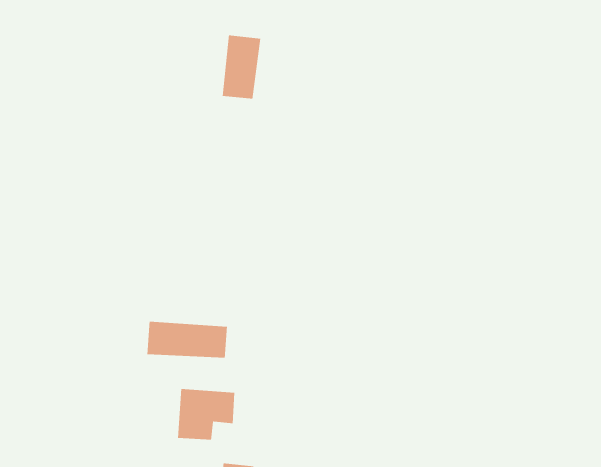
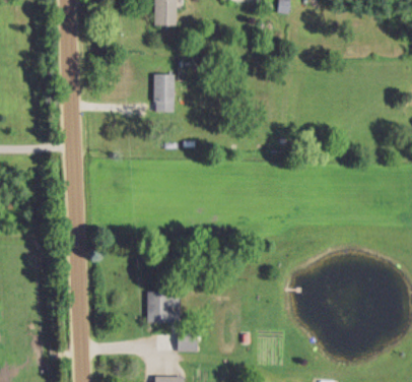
building: [147,321,227,358] -> none

